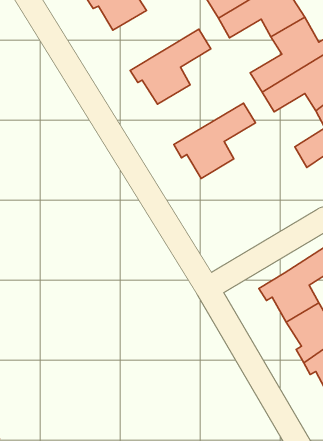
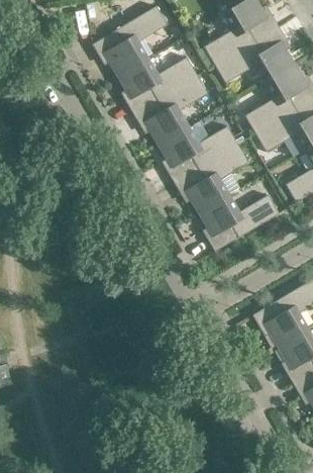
building: none -> [117,57,197,113]
building: none -> [159,125,238,182]
building: none -> [199,194,280,251]

